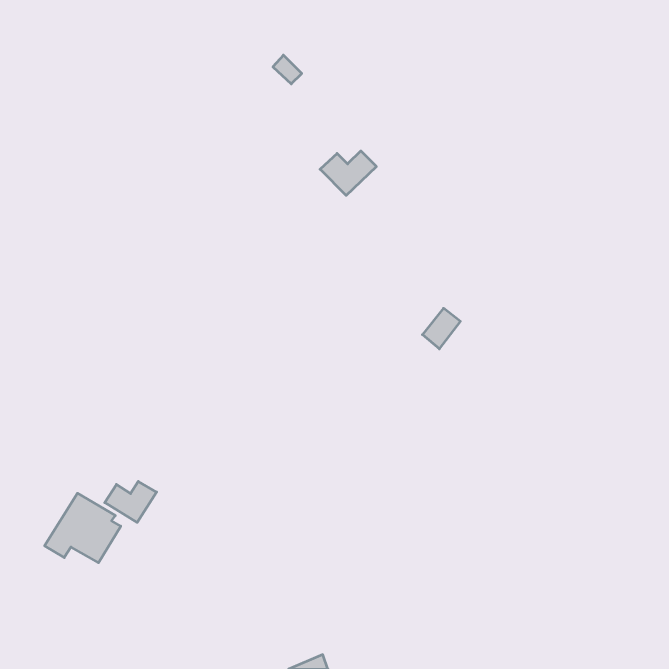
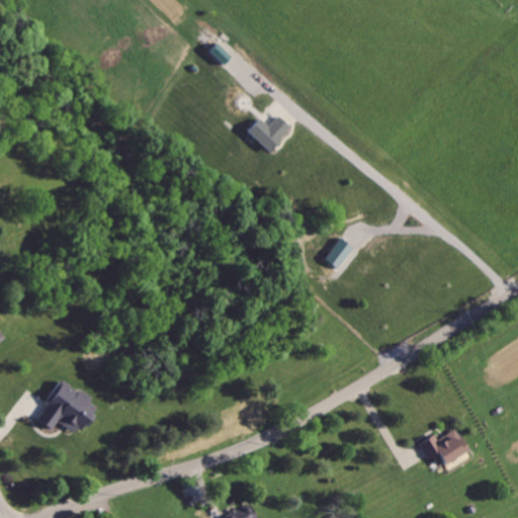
building: [105,481,157,522] -> none
building: none -> [419,430,467,465]

